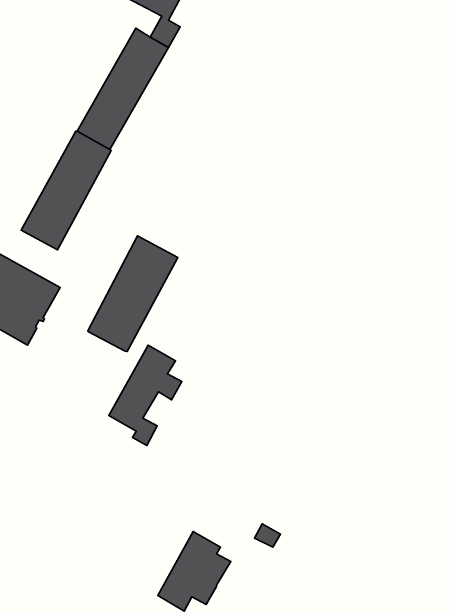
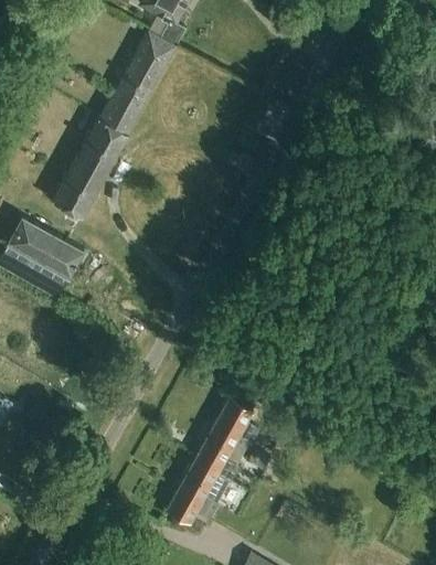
building: [88,236,178,352] -> none
building: [109,345,182,445] -> [196,398,258,483]

